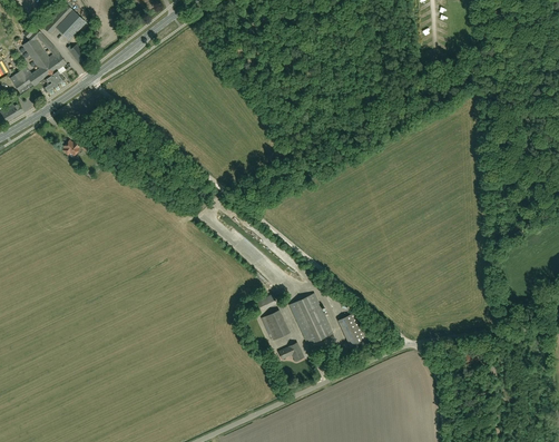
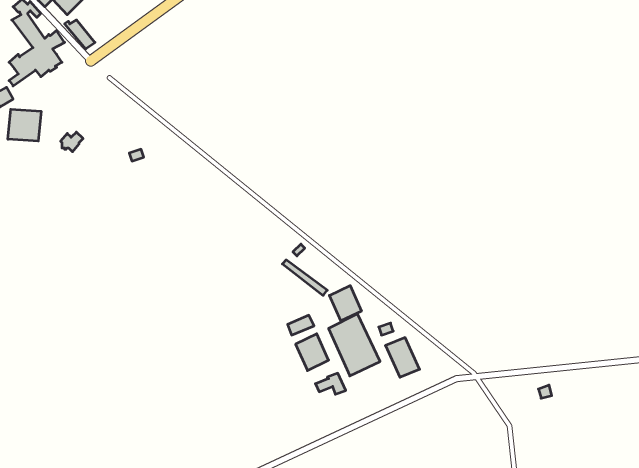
building: none -> [8,109,41,141]
building: none -> [329,286,361,321]

